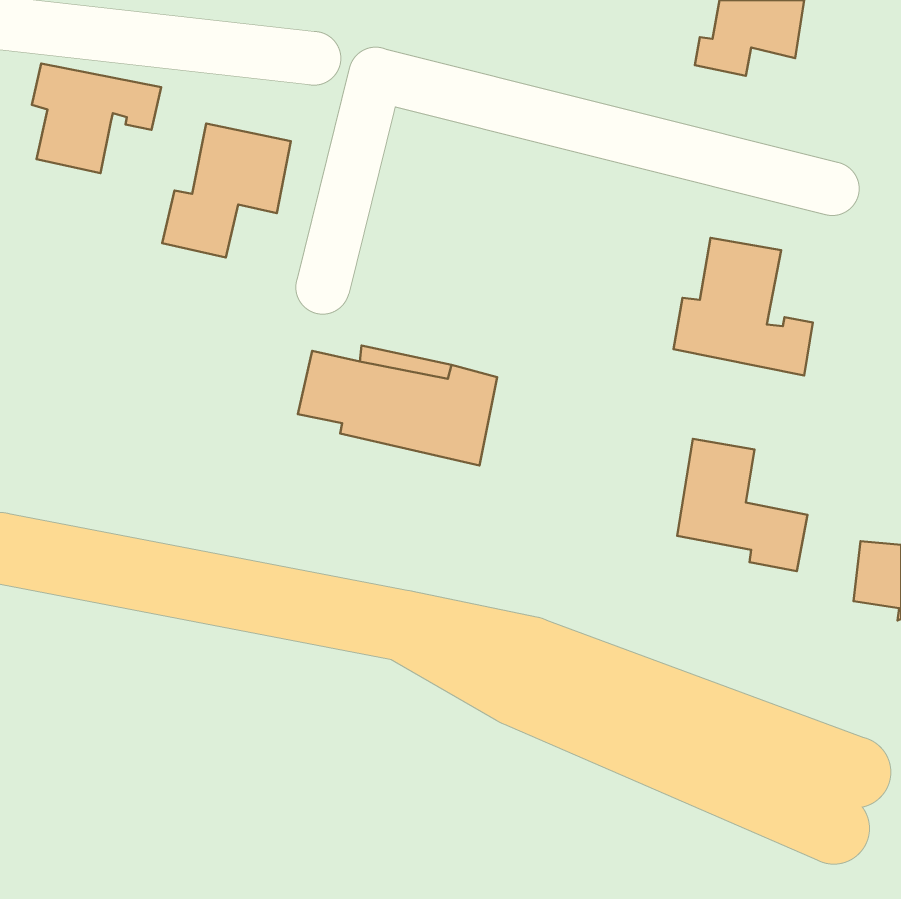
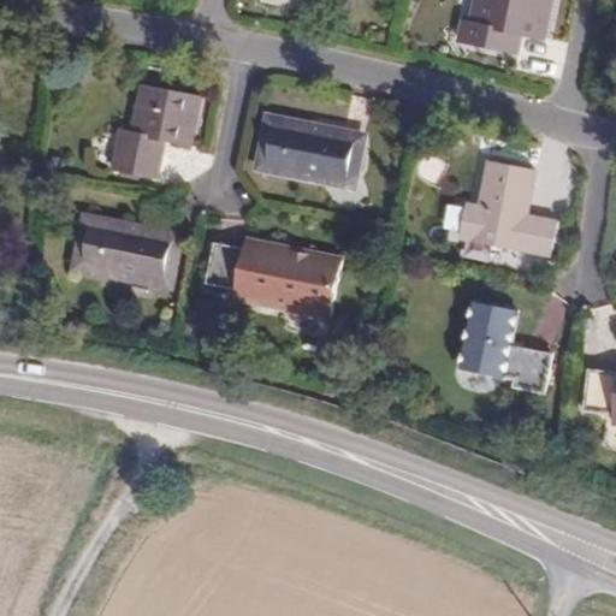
building: [32,64,161,173] -> none
building: none -> [259,119,360,184]
building: none -> [75,217,174,284]

